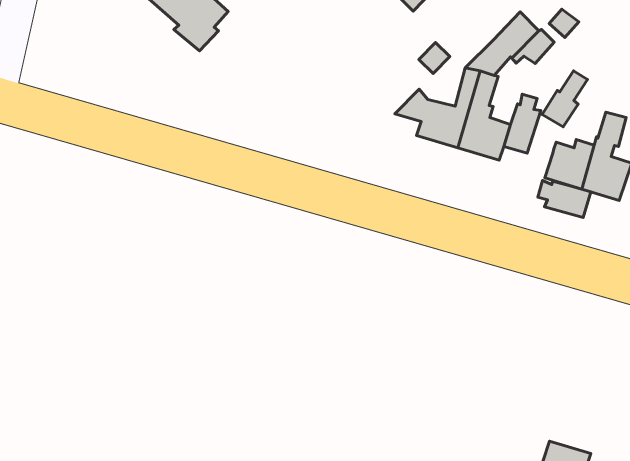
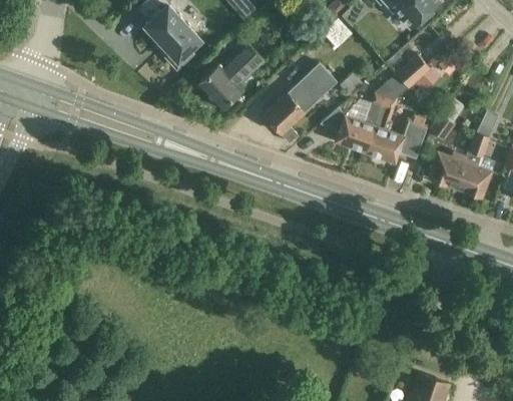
building: none -> [197,41,266,108]
building: none -> [264,63,338,142]
building: [538,180,591,218] -> none

